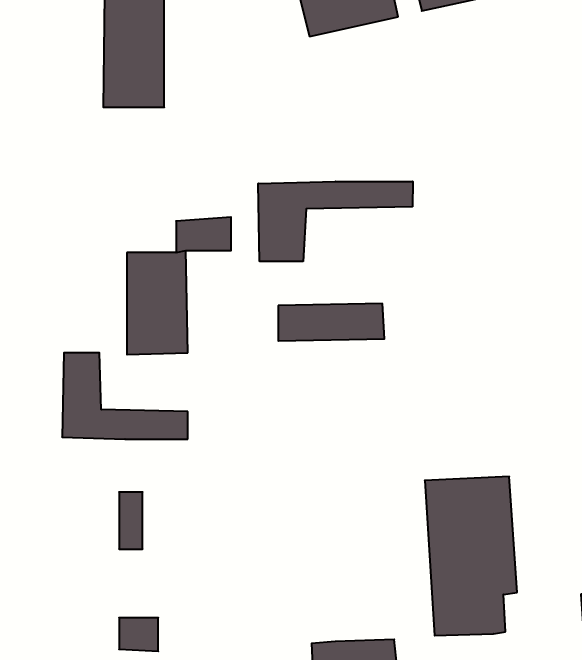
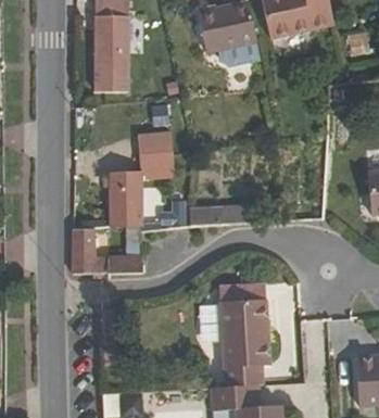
building: [258,181,413,261] -> none
building: [425,477,517,636] -> [217,297,268,385]

